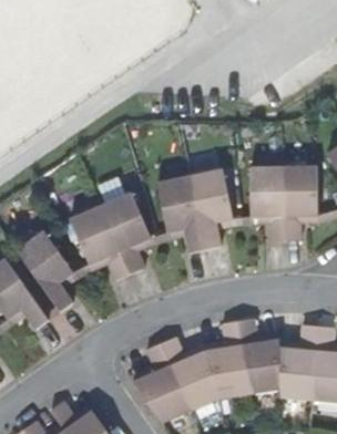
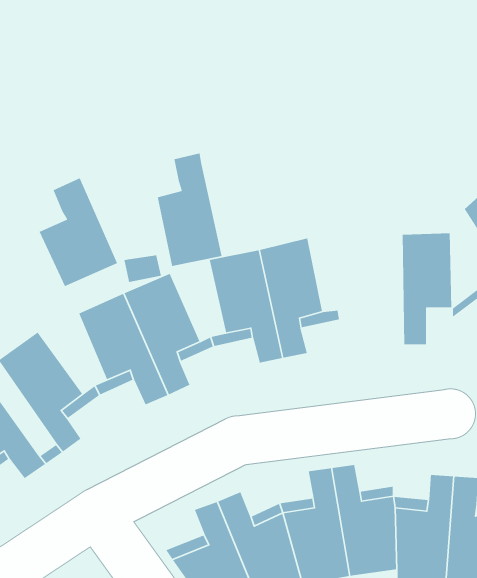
building: none -> [157,153,223,267]
building: none -> [38,177,118,287]
building: [251,167,285,240] -> none

